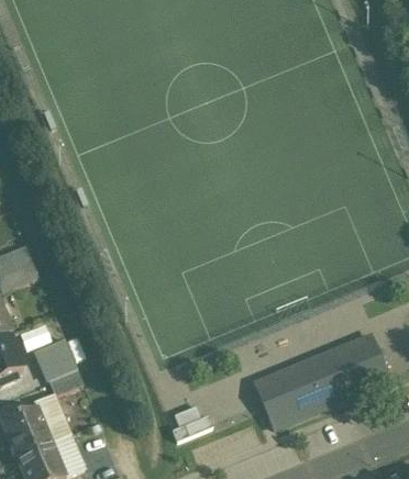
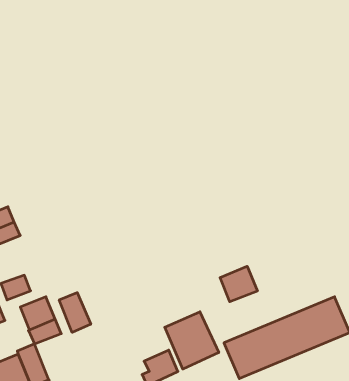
building: none -> [220,266,257,302]
building: none -> [59,293,91,332]
building: none -> [165,312,219,369]

